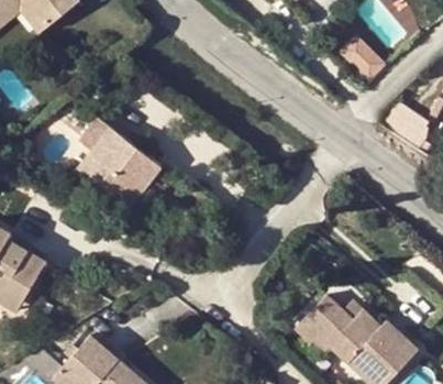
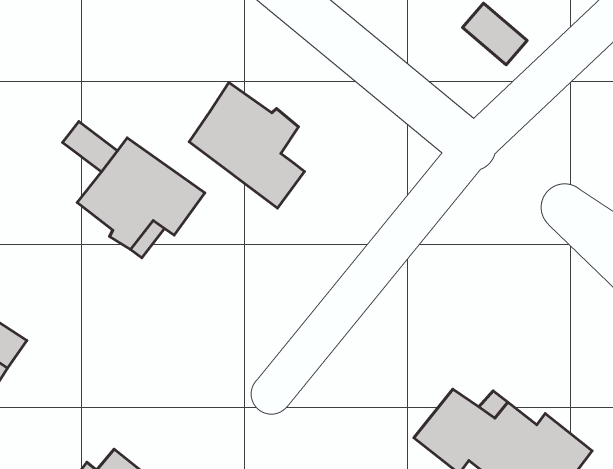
building: none -> [189,83,304,208]
building: [385,98,433,143] -> none

